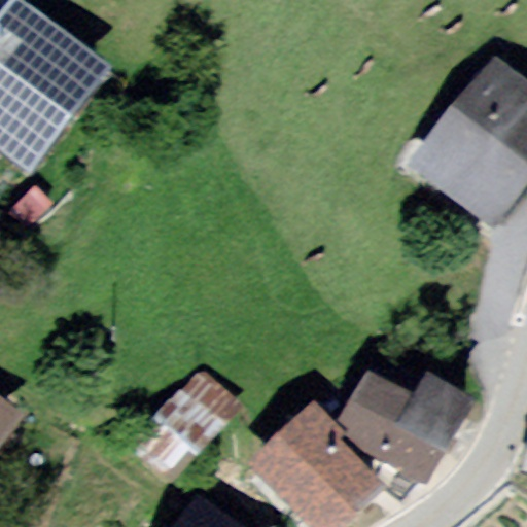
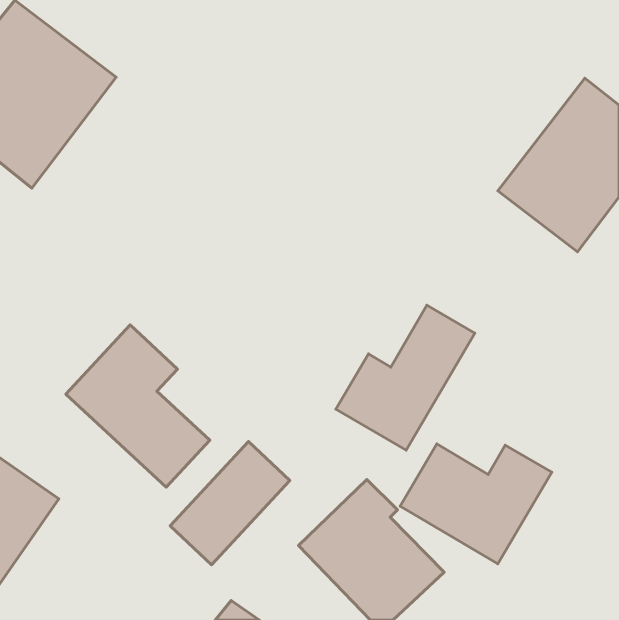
building: none -> [336,305,475,450]
building: none -> [66,325,210,487]

